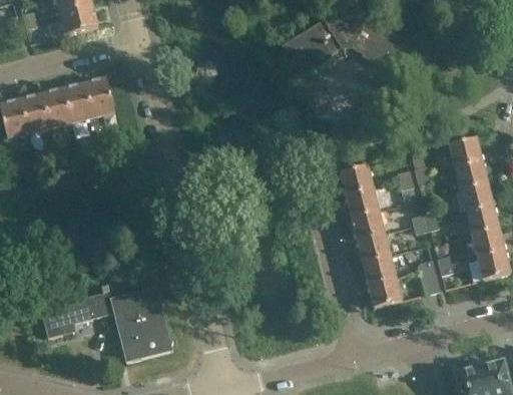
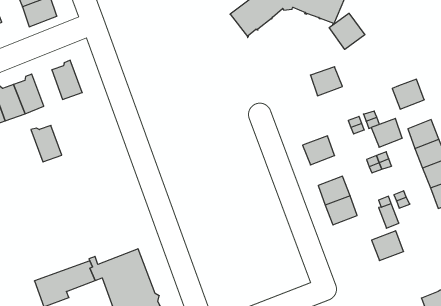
building: none -> [329,13,365,49]
building: [62,83,92,121] -> [31,125,62,162]
building: [454,160,486,189] -> [371,118,402,147]
building: [340,165,373,194] -> [310,67,342,96]
building: [351,210,384,240] -> none
building: [368,277,401,307] -> [372,231,404,261]

